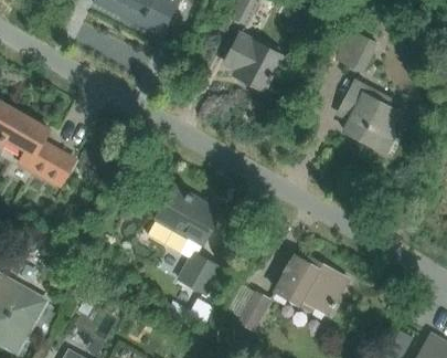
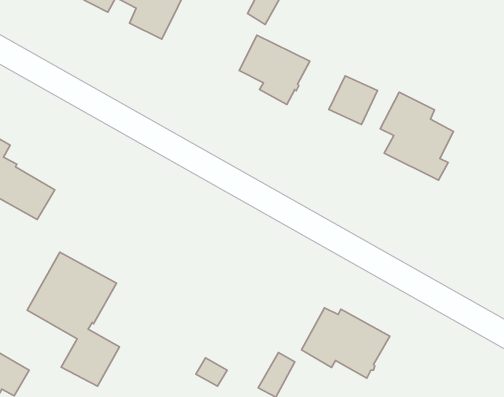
building: [334,31,374,71] -> [329,76,378,125]
building: [147,187,222,296] -> [27,252,119,386]

